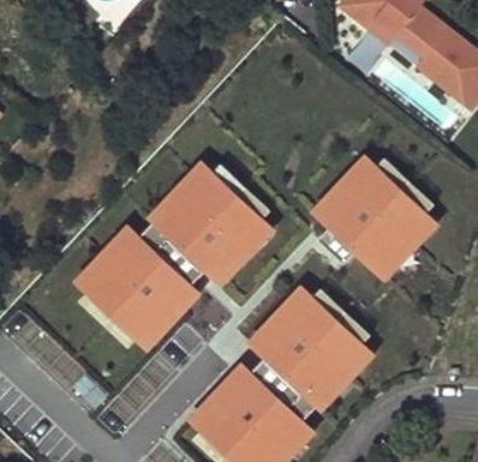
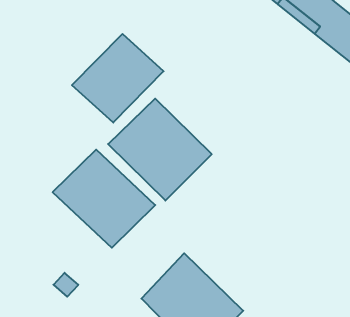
building: none -> [72,34,164,123]
building: [309,148,443,281] -> none
building: [243,278,378,412] -> none

